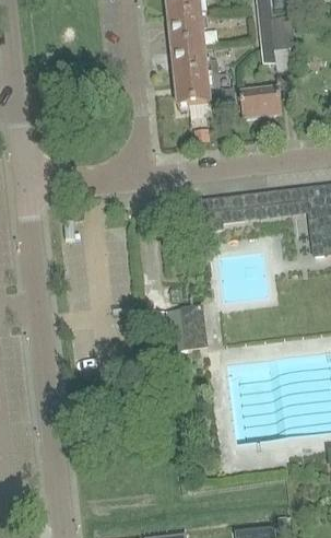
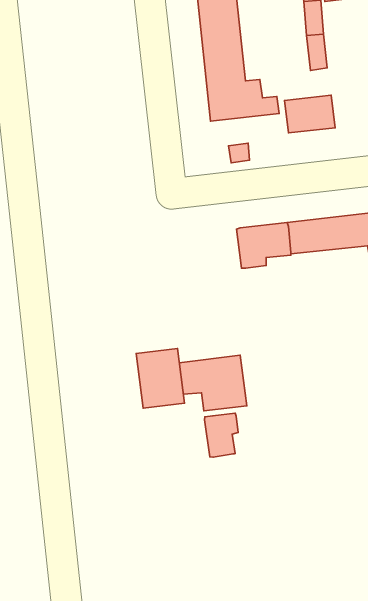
building: none -> [136,348,184,408]
building: none -> [205,413,238,457]

